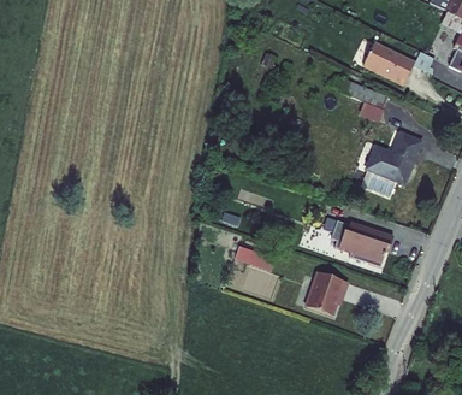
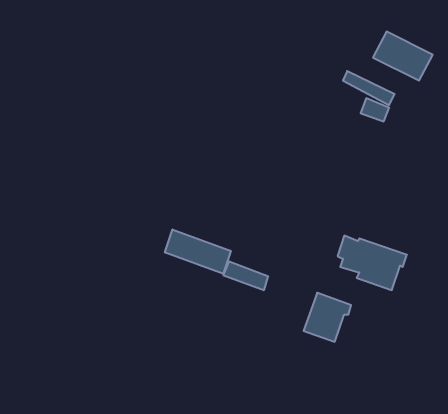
building: [365,136,424,189] -> none
building: none -> [165,229,231,274]

